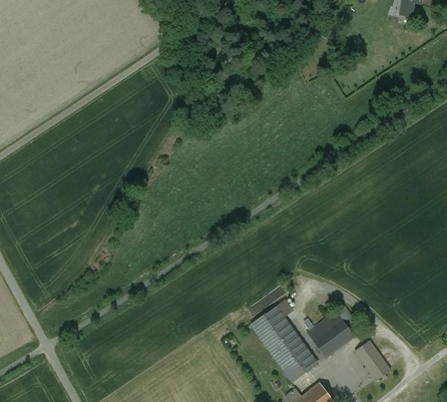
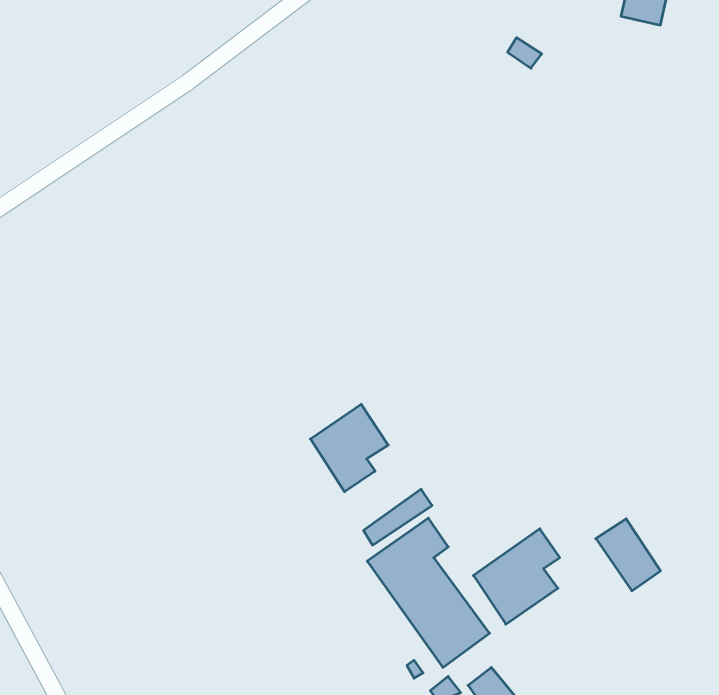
building: none -> [310,404,388,492]
building: [354,341,390,381] -> [596,519,660,591]

